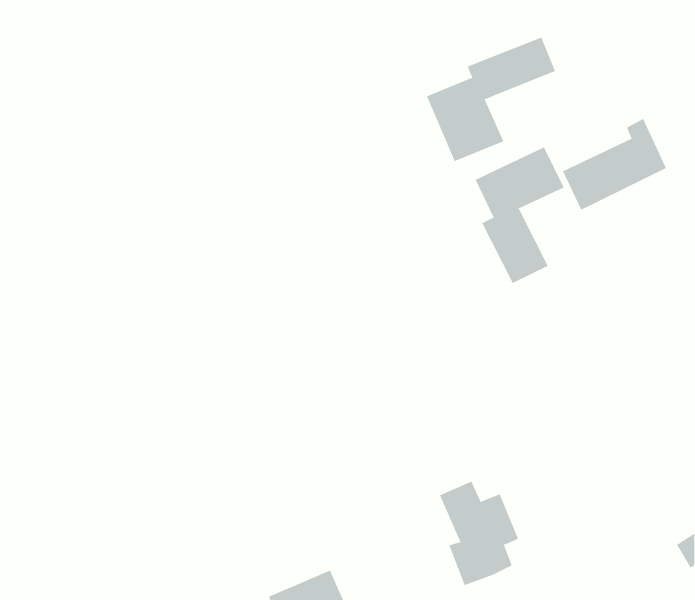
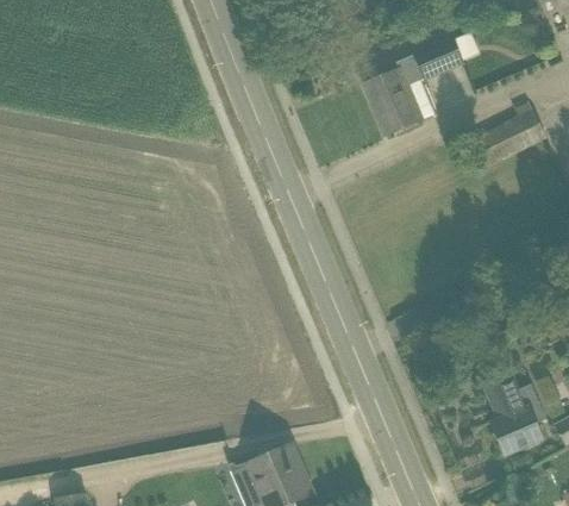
building: [475,147,565,284] -> none
building: [439,481,519,586] -> [482,375,543,455]

